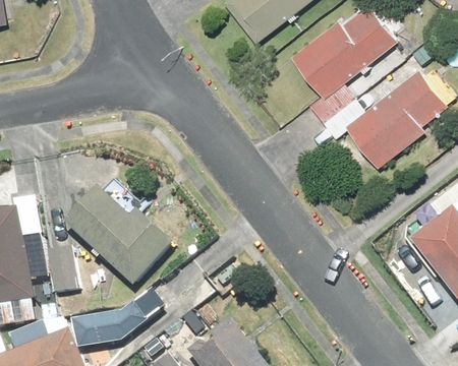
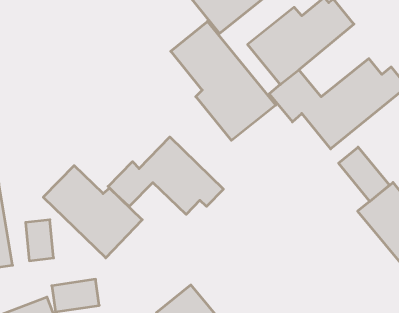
building: none -> [171,21,276,140]
building: none -> [108,137,223,214]
building: none -> [339,147,389,201]

